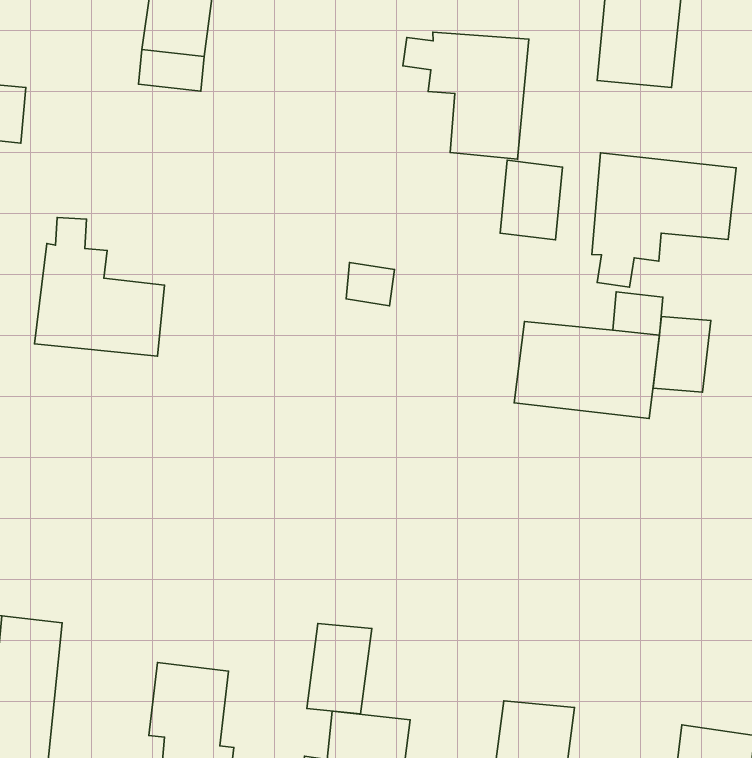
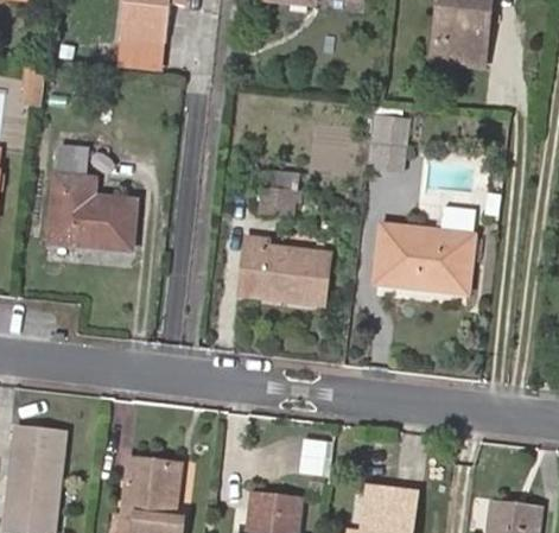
building: [403,32,529,159] -> none
building: [592,153,736,287] -> none
building: [653,316,711,392] -> none
building: none -> [240,236,329,304]
building: [307,624,372,714] -> none

